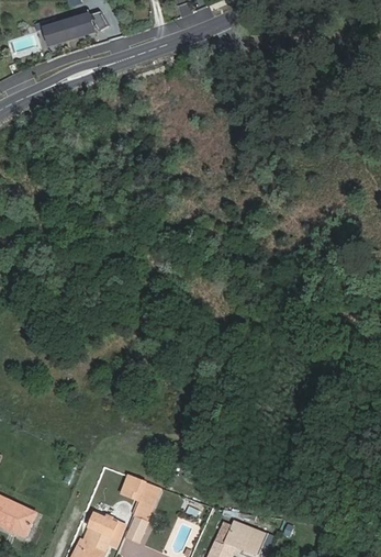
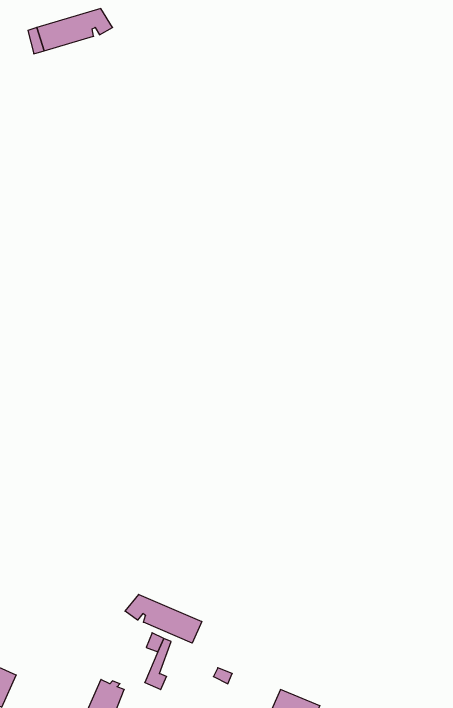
building: none -> [125,594,202,643]

